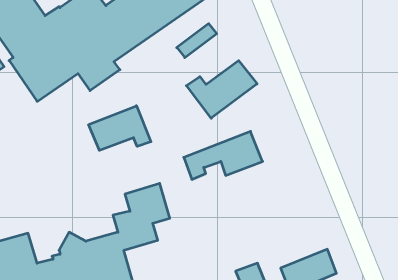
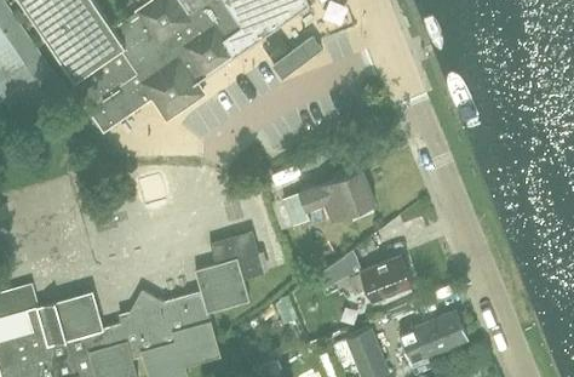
building: [186,61,257,118] -> none
building: [89,106,151,150] -> none
building: none -> [287,250,412,303]

